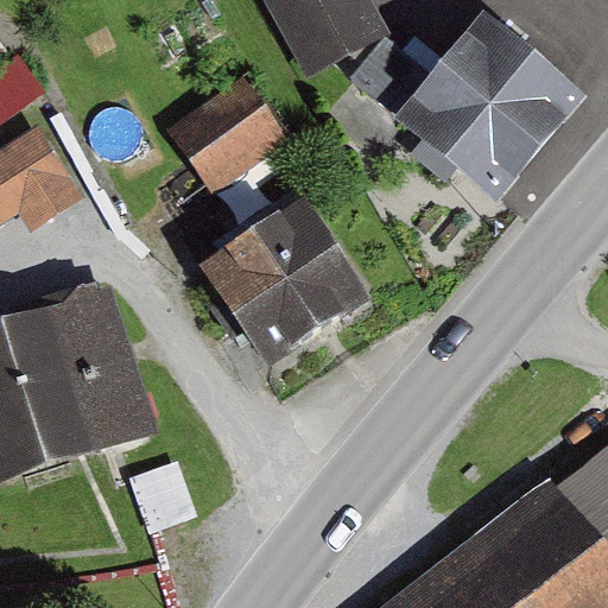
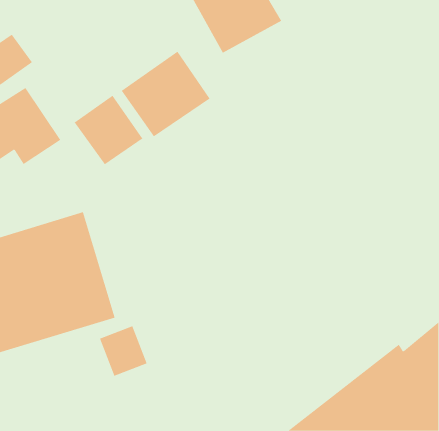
building: [392,15,587,210] -> none
building: none -> [74,95,143,165]
building: [198,202,369,373] -> none

